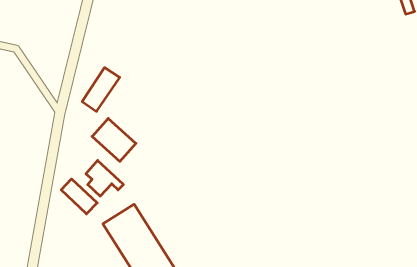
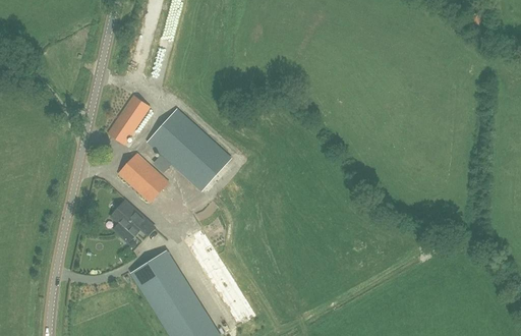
building: none -> [147,109,229,190]
building: [61,179,97,214] -> none

